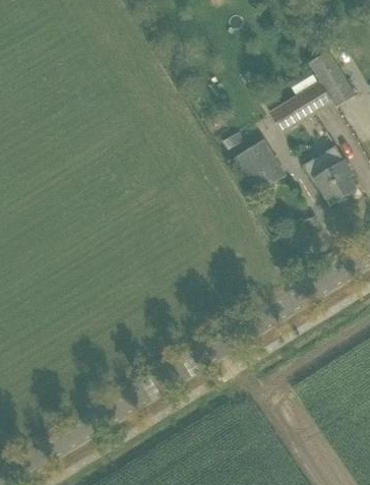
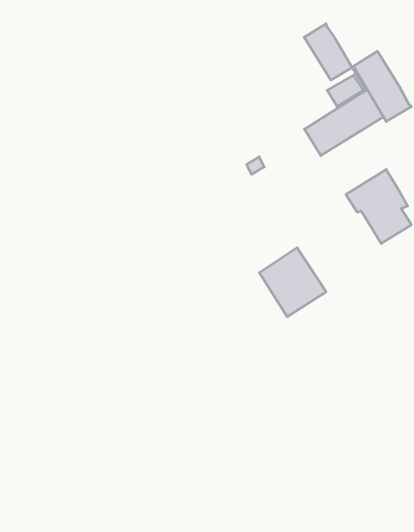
building: none -> [304,24,352,80]
building: [232,136,286,192] -> [259,248,326,317]

